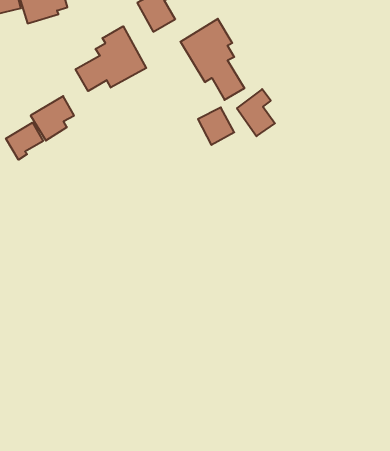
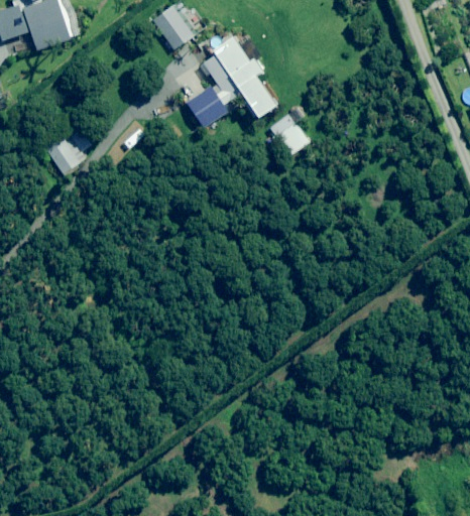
building: [76,26,146,91] -> none
building: [198,107,234,145] -> [188,87,228,128]
building: [6,123,43,160] -> none

